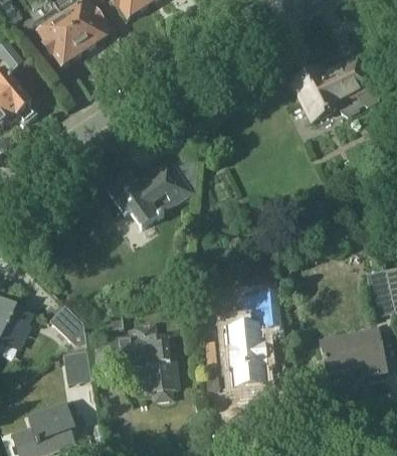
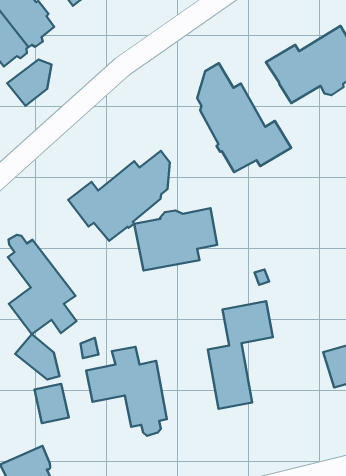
building: none -> [7,59,51,106]
building: none -> [197,63,291,172]
building: none -> [134,208,217,270]
building: none -> [8,235,77,334]

